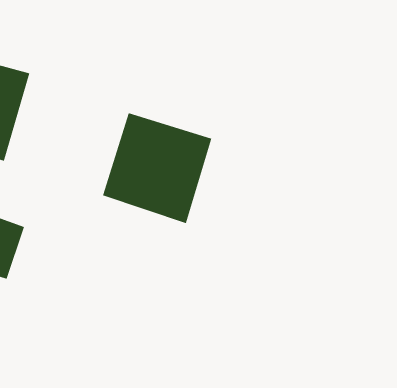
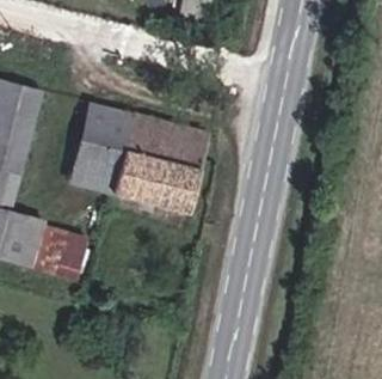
building: none -> [69,108,131,194]
building: none -> [25,221,79,281]

